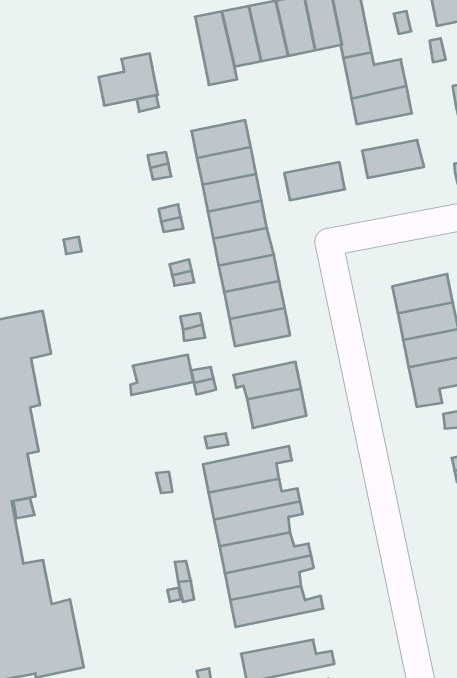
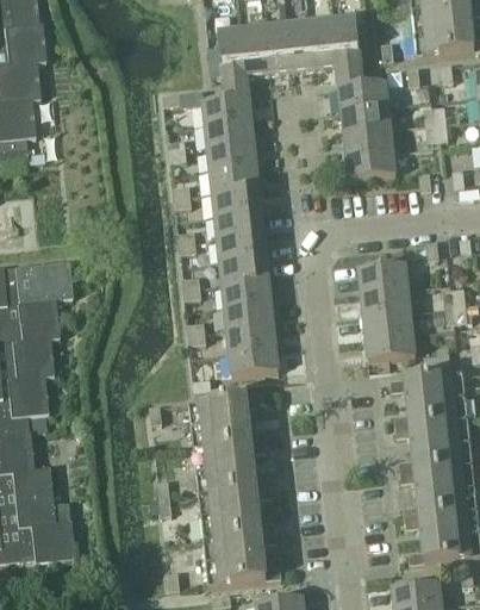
building: [99,54,158,105] -> [204,85,251,124]
building: [284,162,345,200] -> [343,126,392,154]
building: [130,355,193,395] -> [222,300,274,329]
building: none -> [204,529,278,560]

